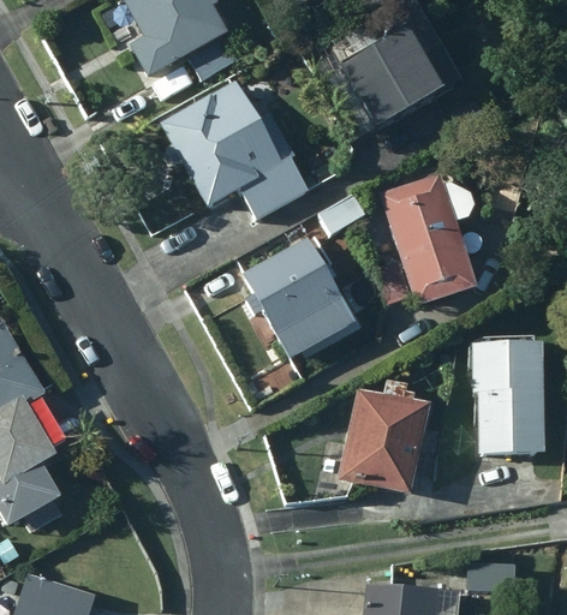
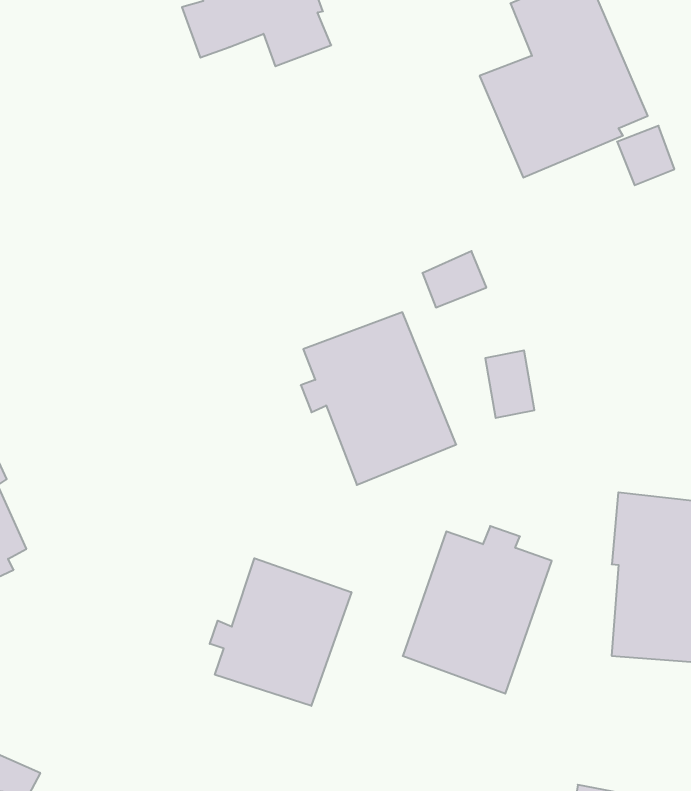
building: [160,78,309,219] -> none
building: [383,173,473,305] -> none
building: none -> [210,558,351,706]

